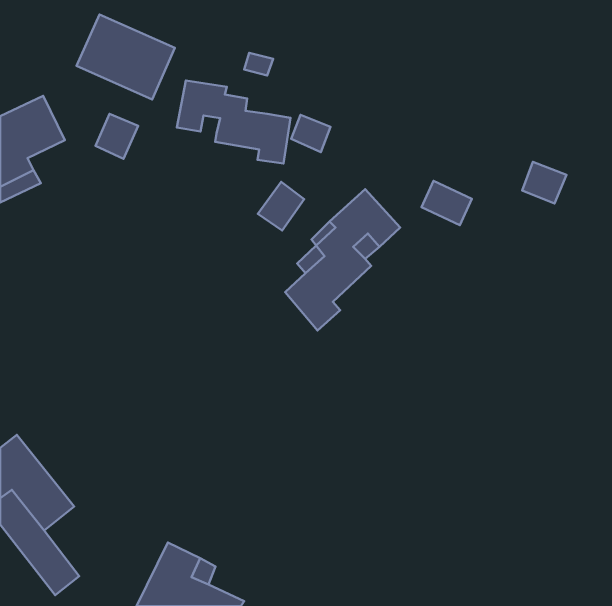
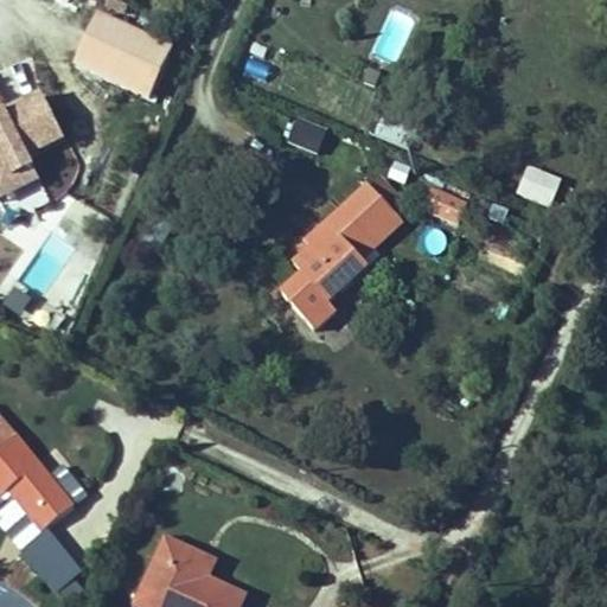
building: [177,81,291,164] -> none
building: [96,114,138,159] -> none
building: [258,182,304,230] -> none

